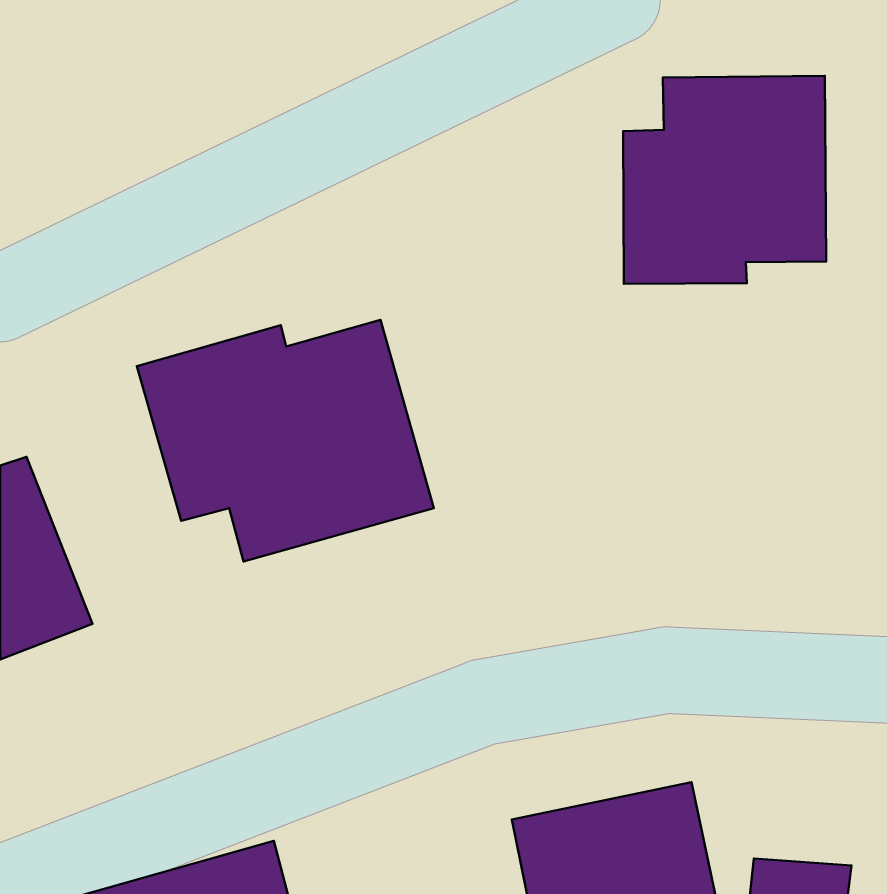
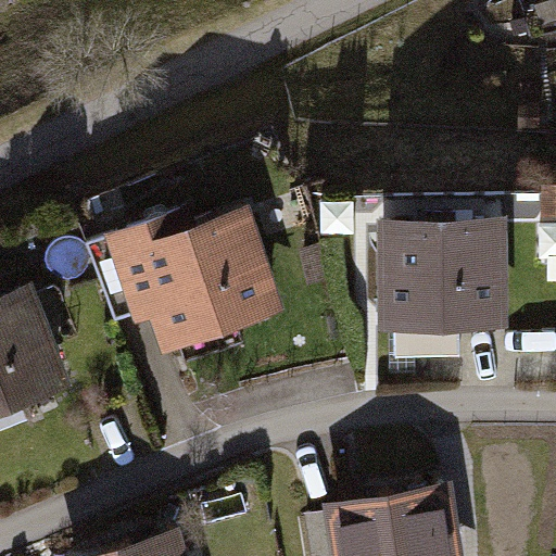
building: [623,76,826,284] -> none
building: none -> [374,218,510,336]

